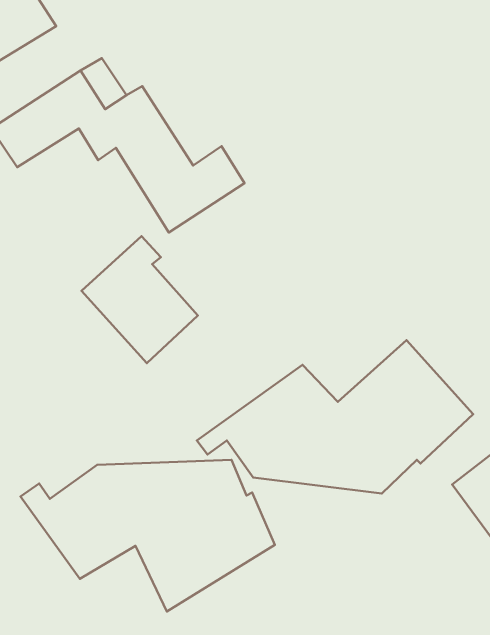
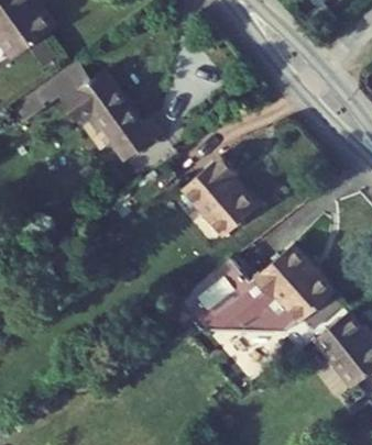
building: [82,236,198,363] -> [175,153,248,232]
building: [21,460,275,612] -> none

